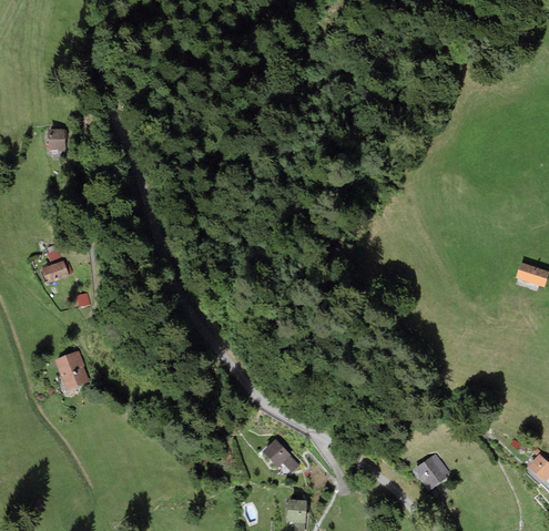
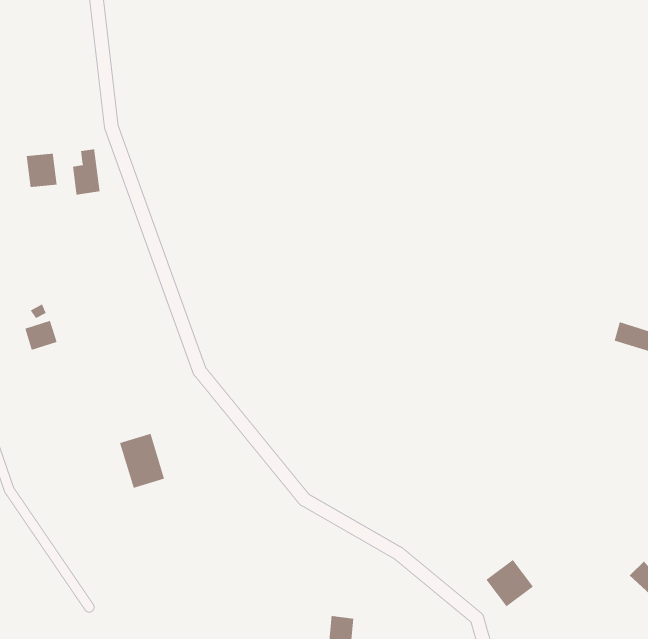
building: none -> [72,149,100,196]
building: [54,350,91,395] -> [119,433,165,488]
building: [262,439,299,472] -> none

